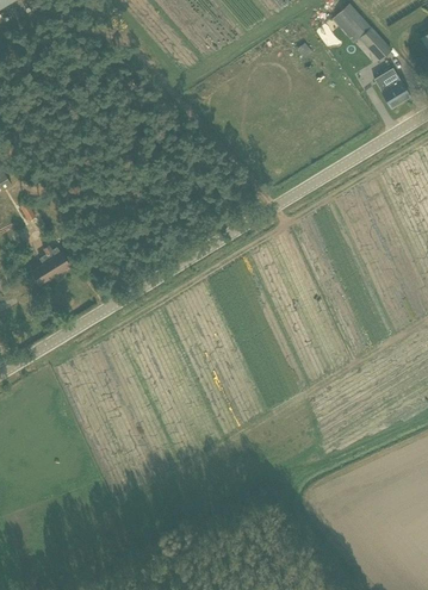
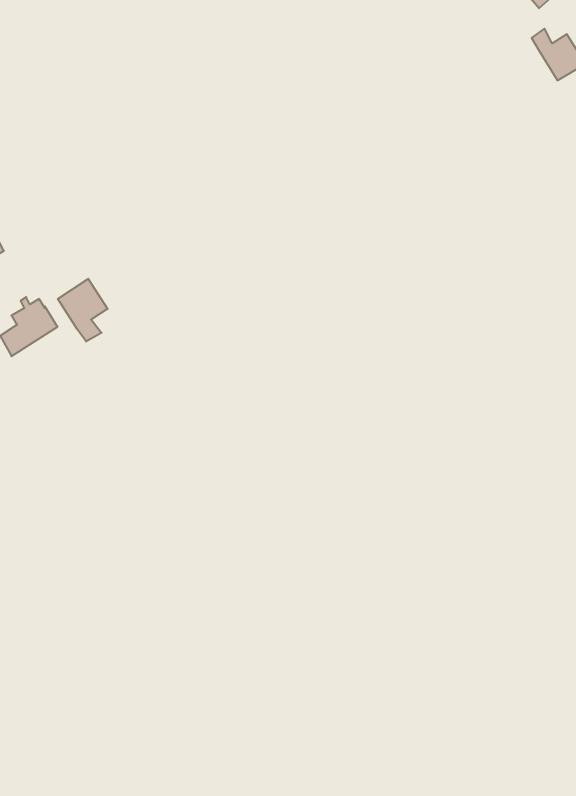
building: none -> [58,279,108,342]

